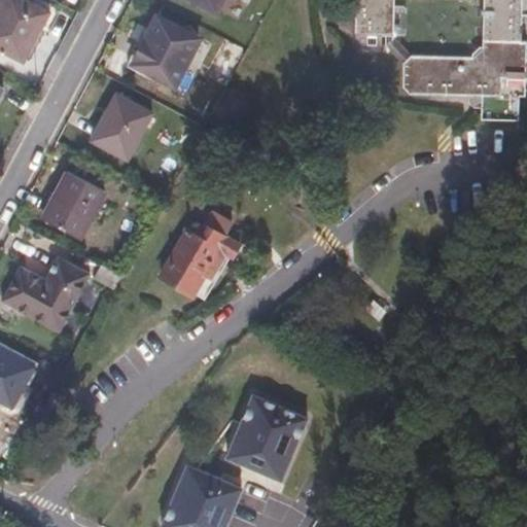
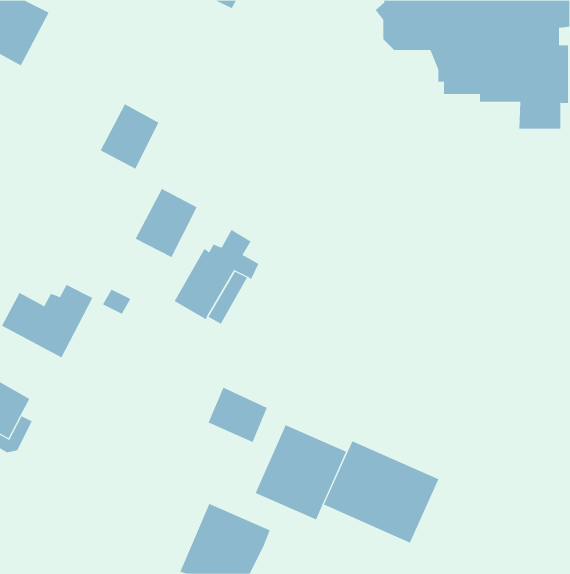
building: [132,19,194,82] -> none
building: [41,171,99,235] -> [135,188,198,258]
building: none -> [208,387,268,443]
building: none -> [323,440,439,543]

